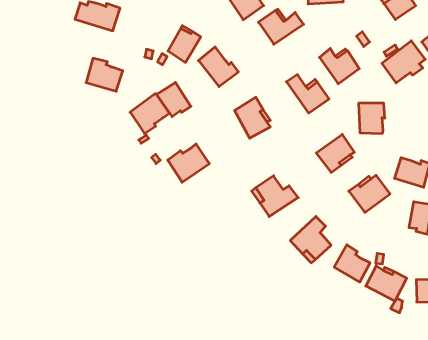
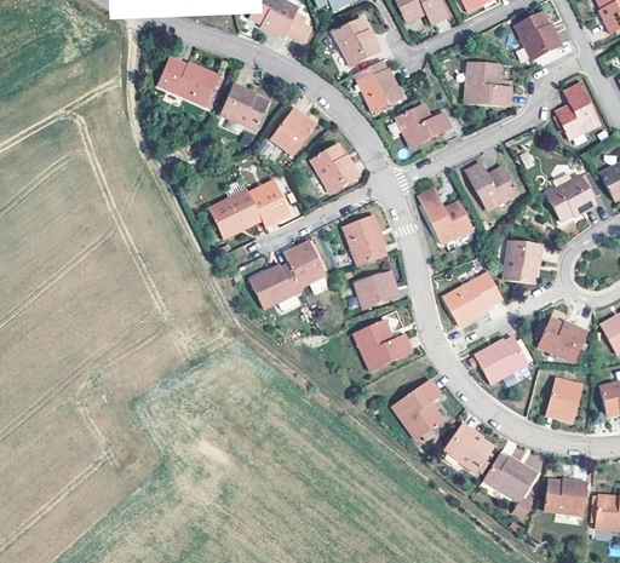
building: [86,58,123,91] -> [218,80,268,127]
building: none -> [287,241,328,288]
building: none -> [356,271,400,310]

